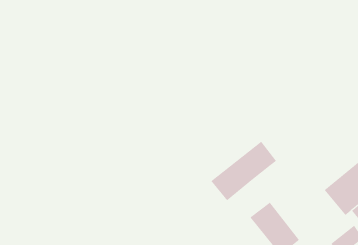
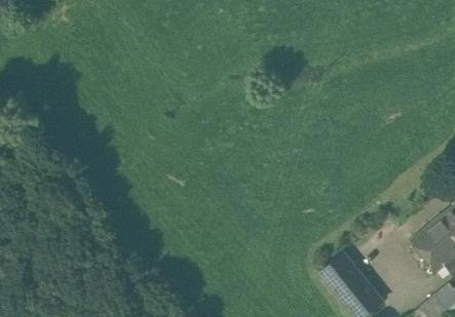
building: [211,141,277,201] -> none

